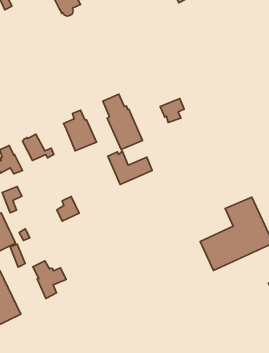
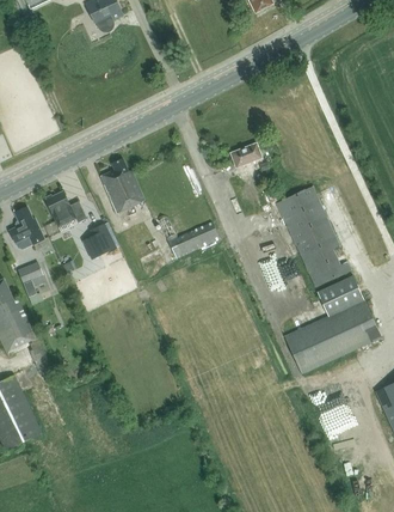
building: [103,94,142,150] -> none
building: none -> [277,187,351,286]
building: [57,196,79,221] -> [85,224,115,257]
building: [33,261,66,299] -> none

